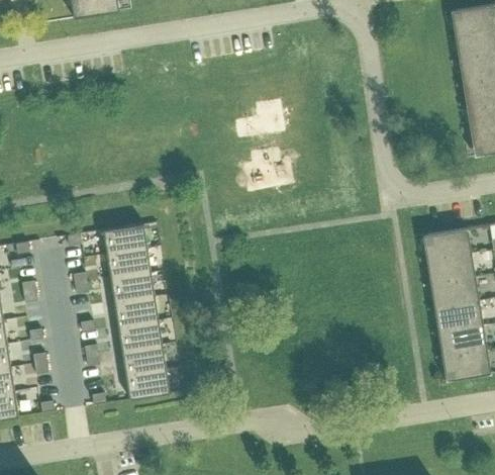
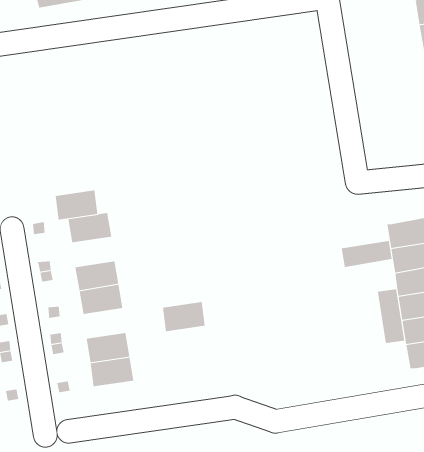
building: [108,249,152,279] -> [55,190,98,220]
building: none -> [341,240,392,268]
building: none -> [377,288,405,344]
building: [119,320,163,351] -> [162,302,206,332]

